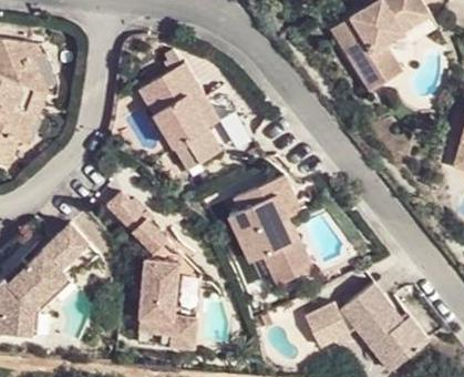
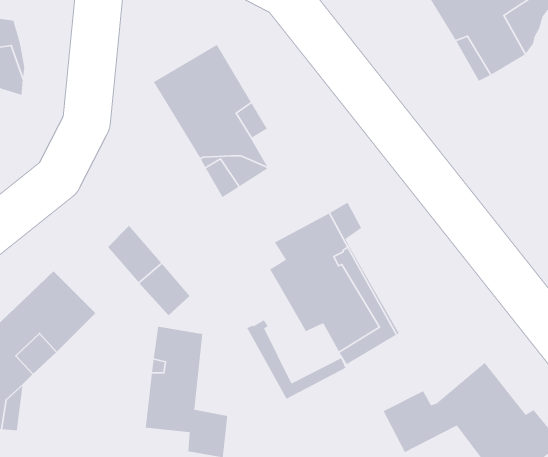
building: none -> [246,319,347,400]

